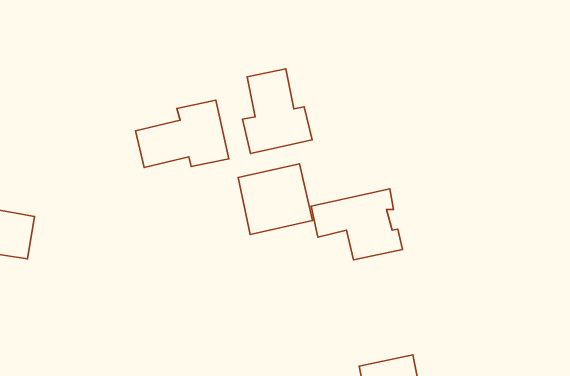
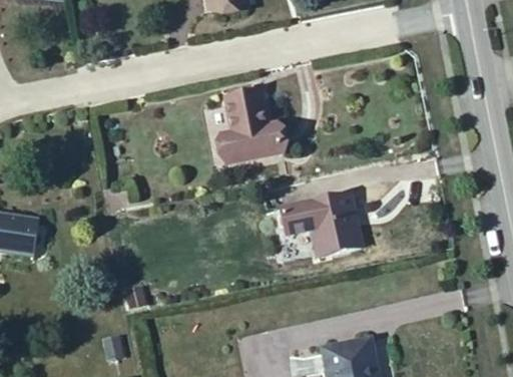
building: [135,100,229,167] -> none
building: [238,164,312,234] -> none

